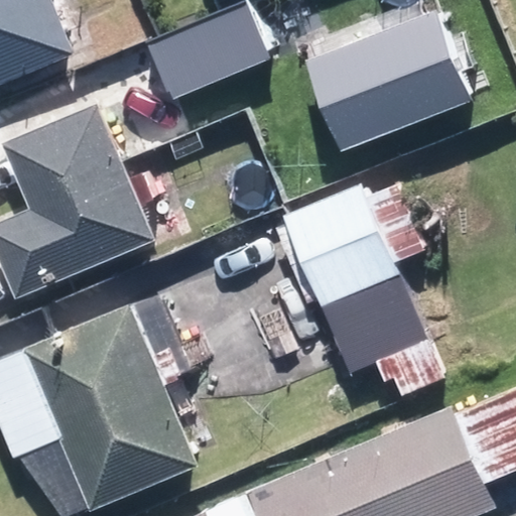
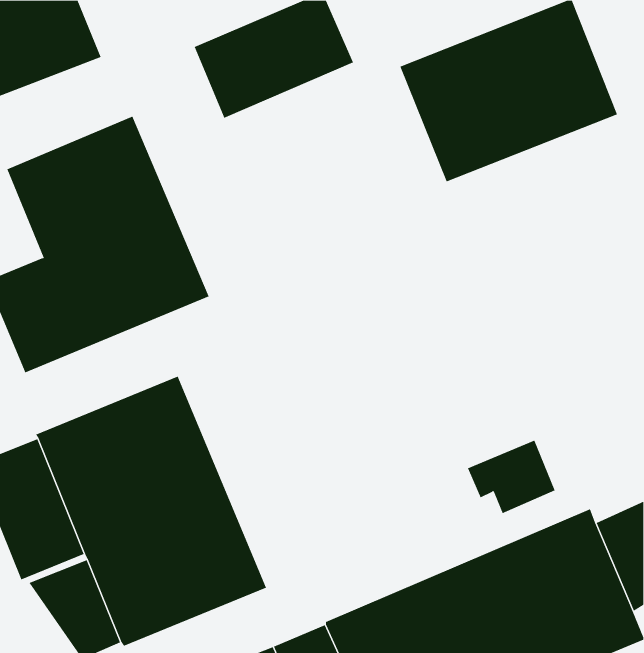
building: [268,183,404,314] -> none
building: [309,286,415,378] -> none

